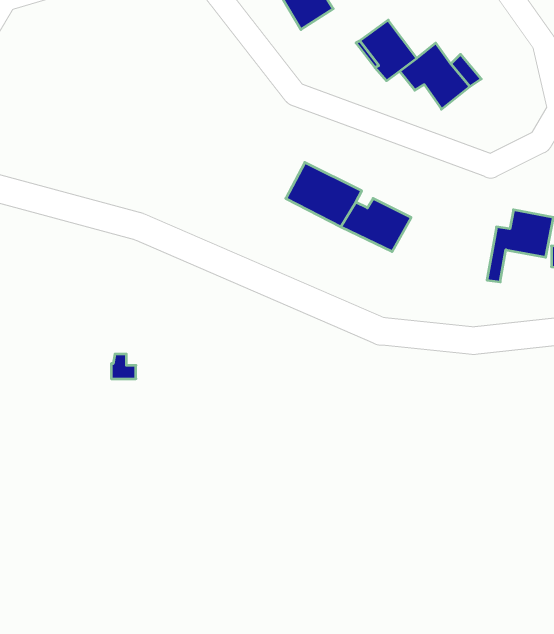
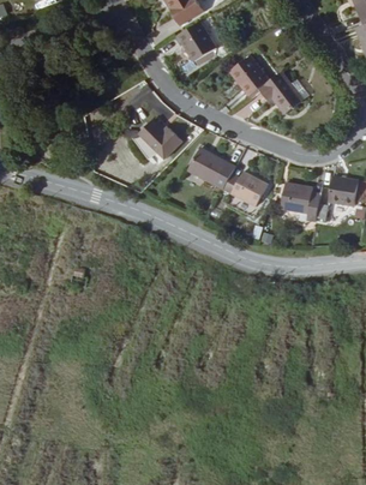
building: none -> [138,120,180,158]
building: none -> [280,185,319,222]

